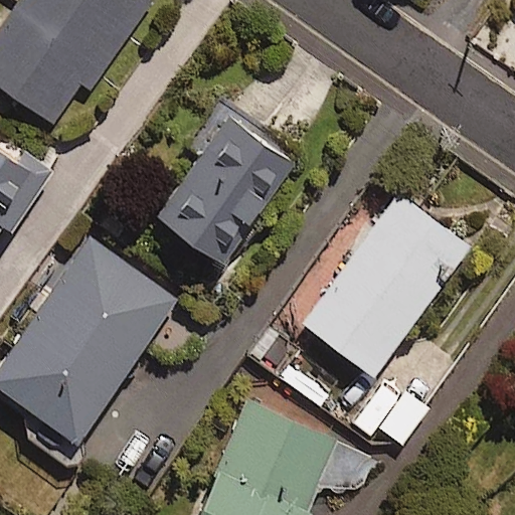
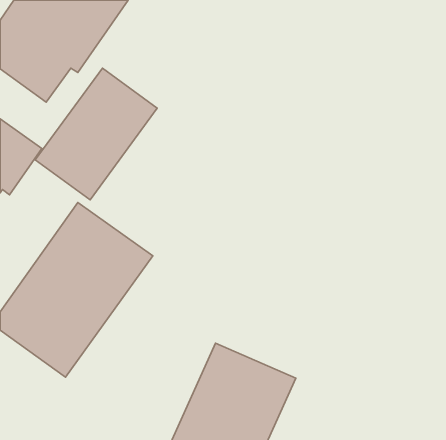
building: [157,109,298,261] -> [35,68,157,200]
building: [304,196,469,375] -> none

